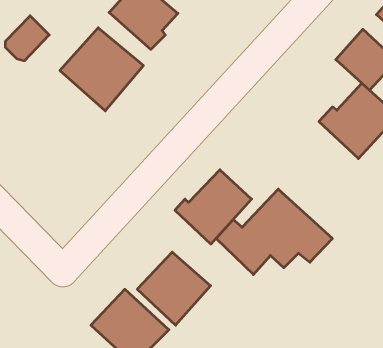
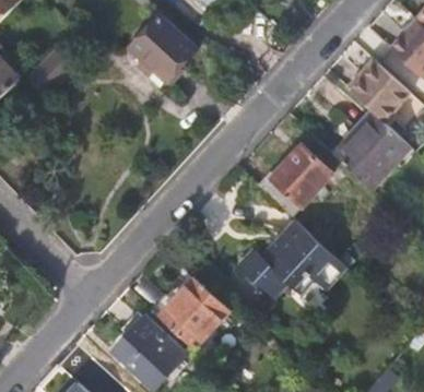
building: [60,28,143,111] -> none
building: [175,170,252,244] -> [259,144,333,216]

